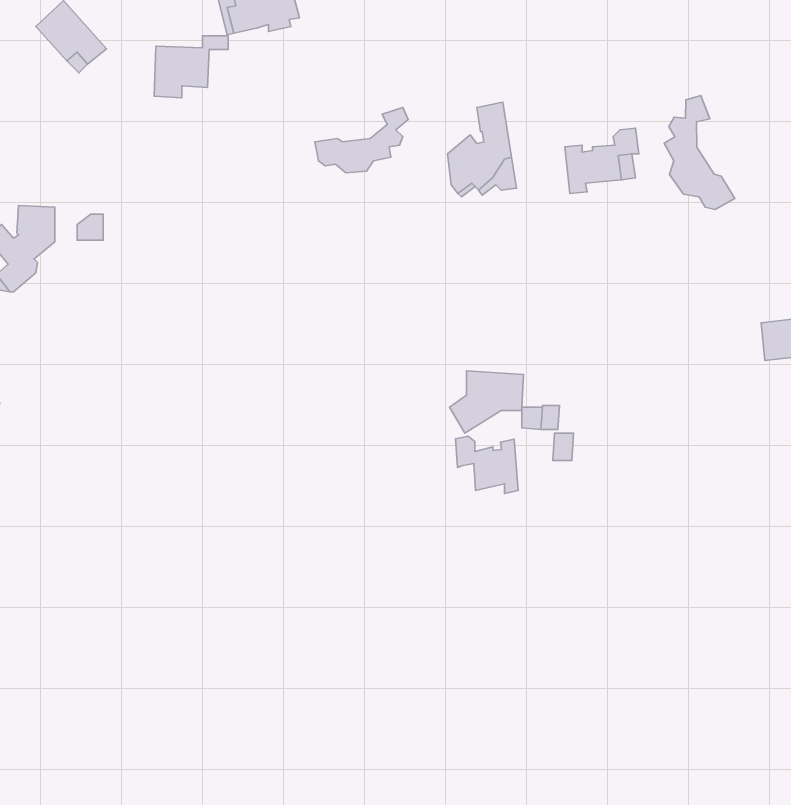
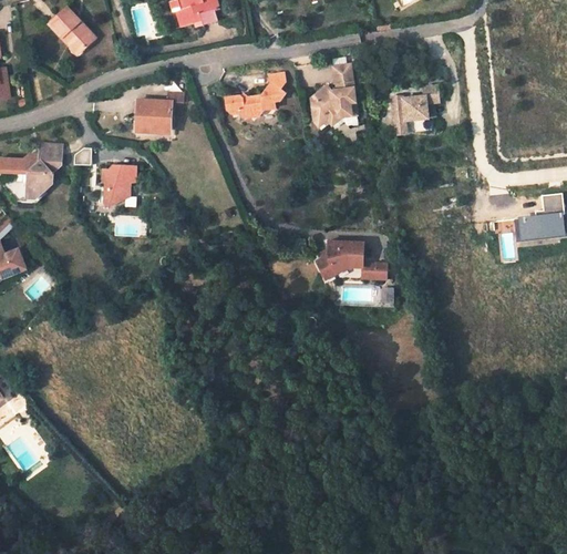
building: [154,36,228,98] -> [138,88,186,127]
building: [664,95,735,210] -> none
building: none -> [103,160,137,201]
building: [456,436,518,494] -> none

